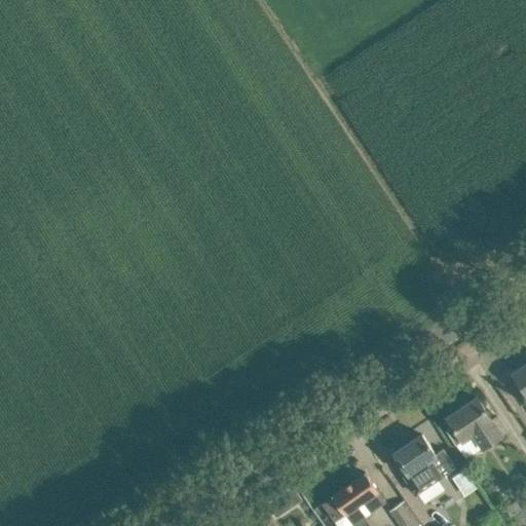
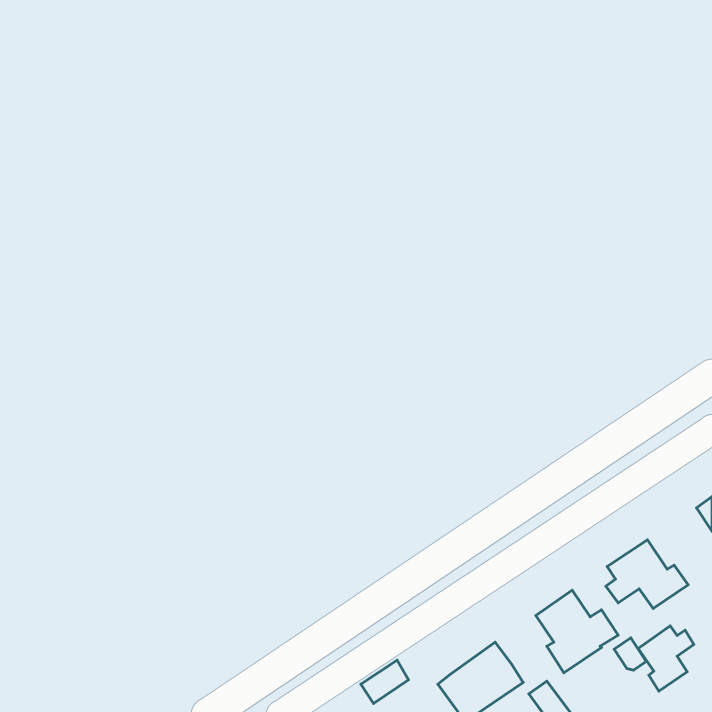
building: none -> [638,626,694,691]

